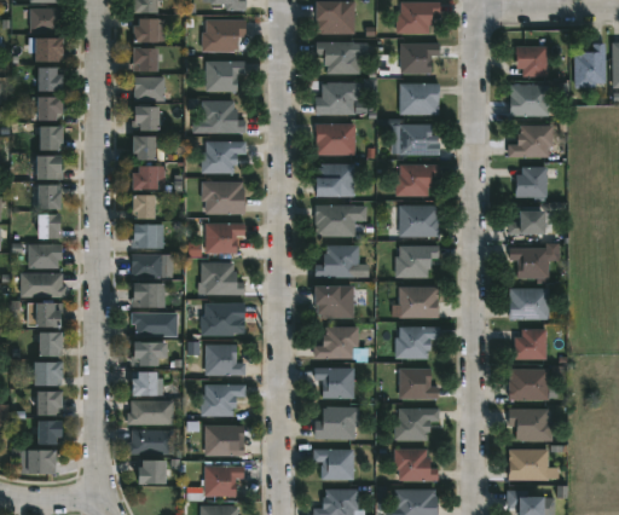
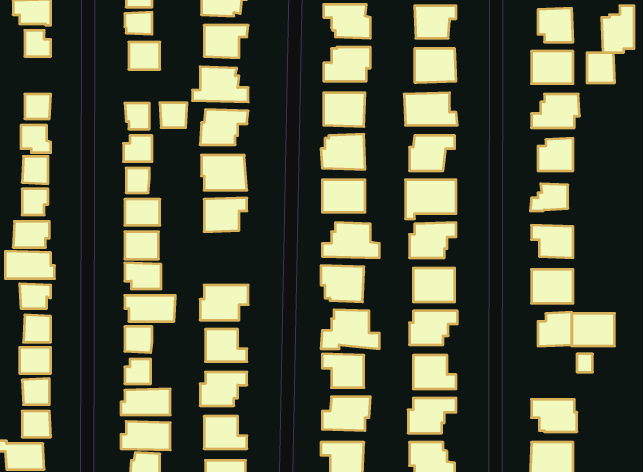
building: none -> [587,53,614,83]
building: [31,96,63,120] -> none
building: [133,105,158,128] -> [160,103,187,128]
building: [202,264,245,295] -> none
building: [510,370,550,400] -> [572,313,615,346]

